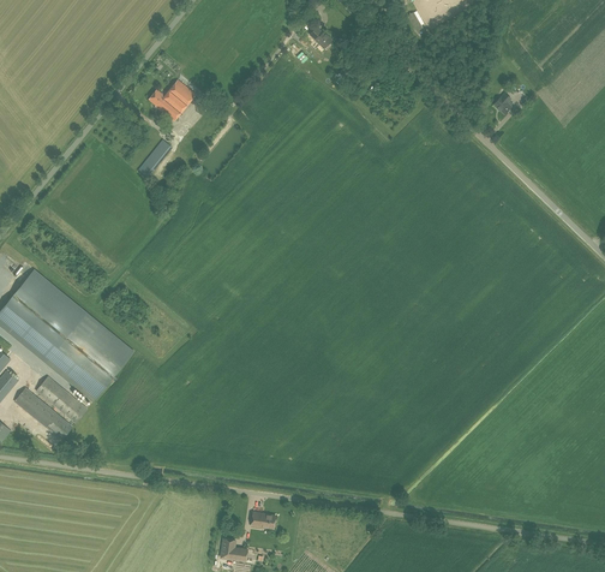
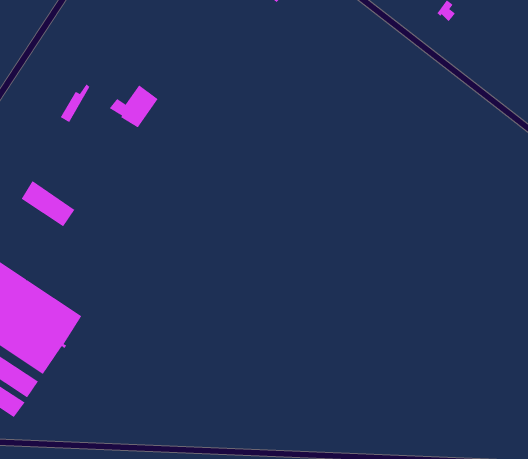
building: [148,78,194,119] -> [109,84,158,128]
building: none -> [21,180,75,227]

